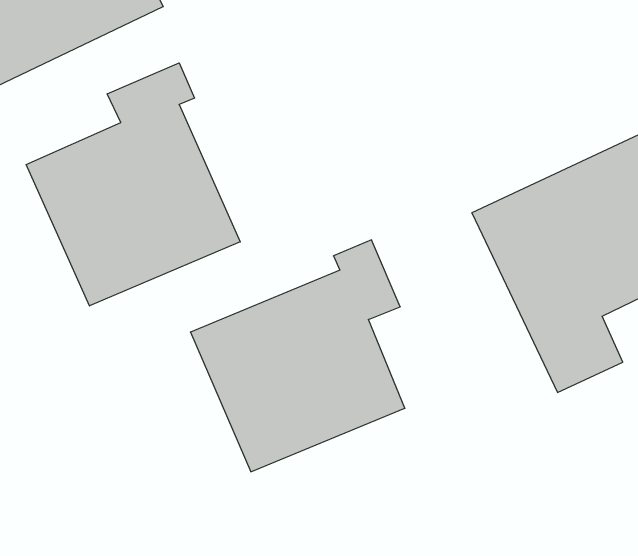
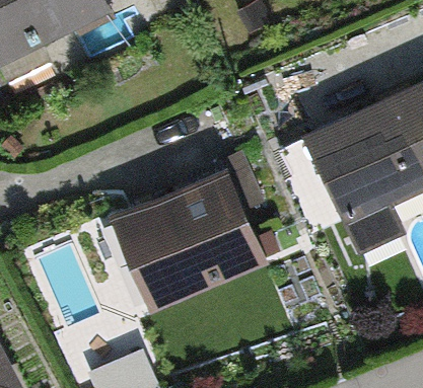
building: [26,63,240,306] -> none

